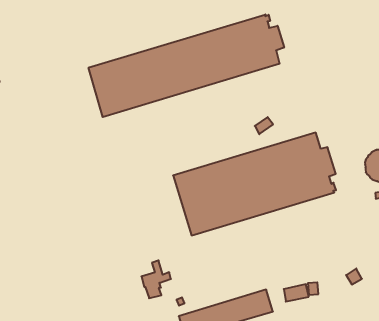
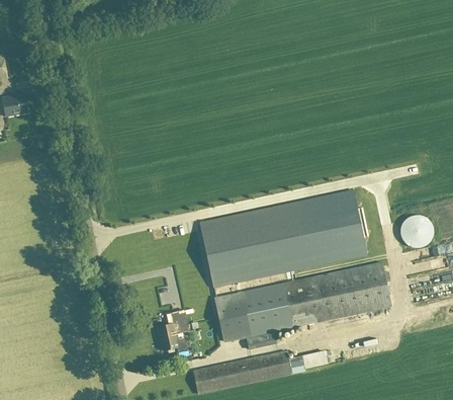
building: [89,14,284,117] -> none
building: none -> [215,261,390,348]

